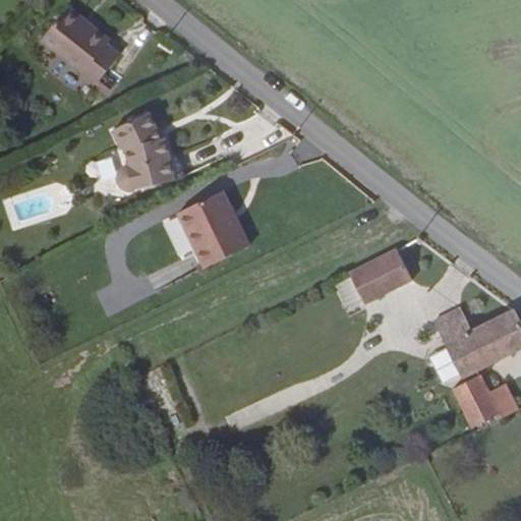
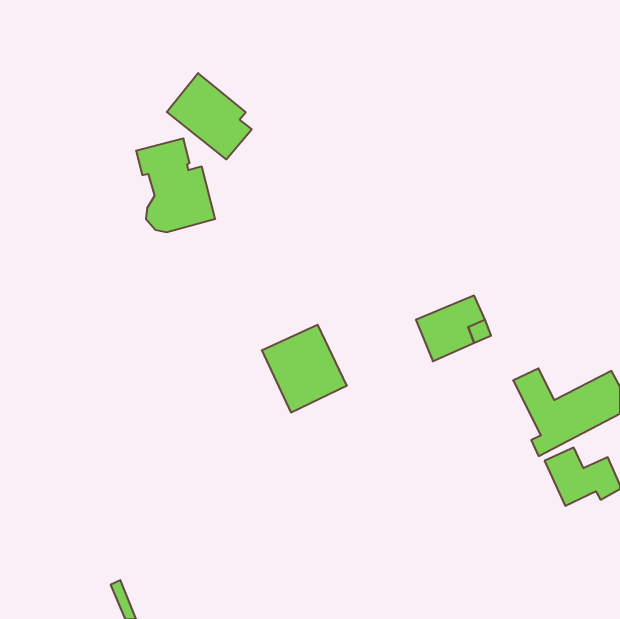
building: [42,8,113,80] -> [167,73,252,159]
building: [177,192,248,266] -> [262,325,347,412]

